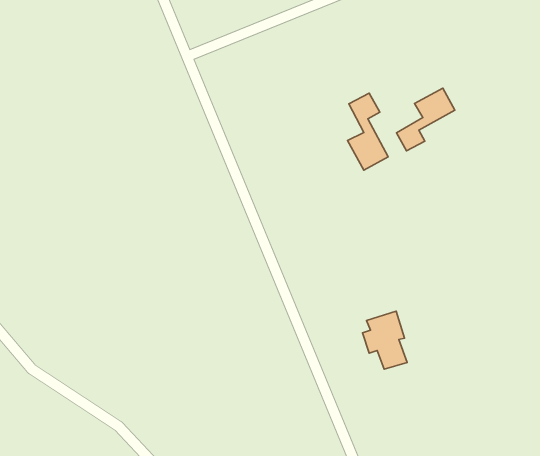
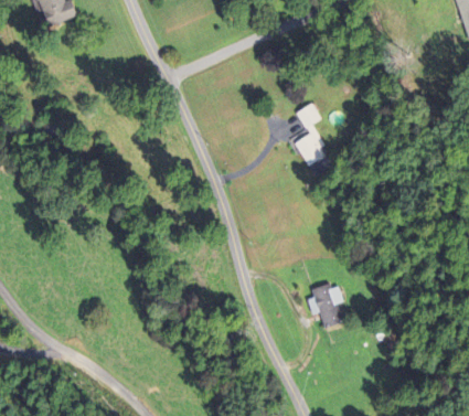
building: [396,88,455,151] -> none

